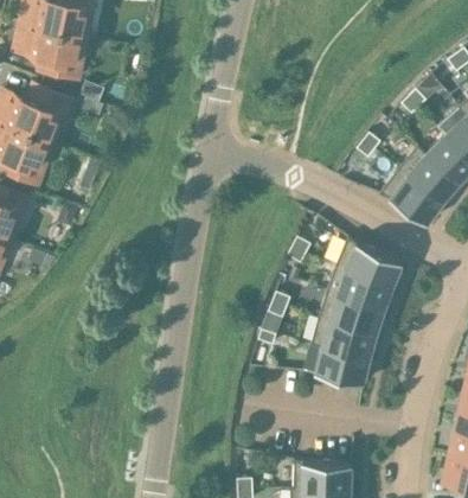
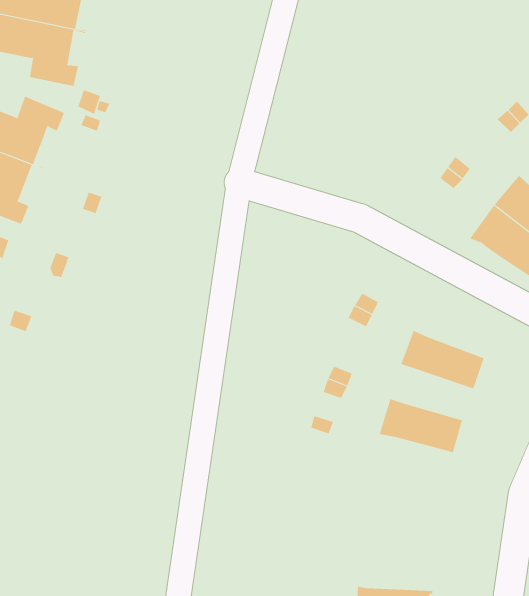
building: [336,240,402,289] -> none
building: [319,294,383,337] -> none
building: [314,350,367,387] -> none

